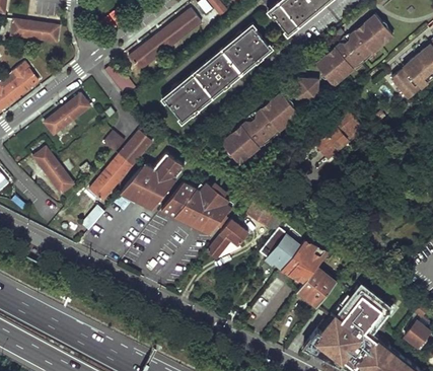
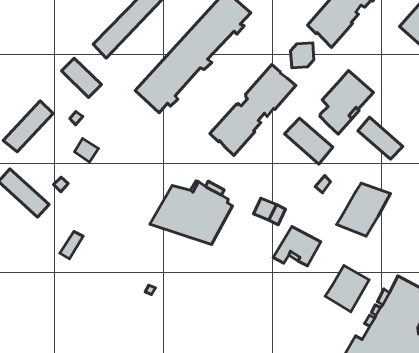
building: [93,131,153,199] -> none
building: none -> [284,118,333,164]
building: none -> [358,117,403,159]
building: [120,155,183,209] -> none
building: [207,220,247,259] -> none
building: [280,239,329,284] -> [337,183,391,236]

